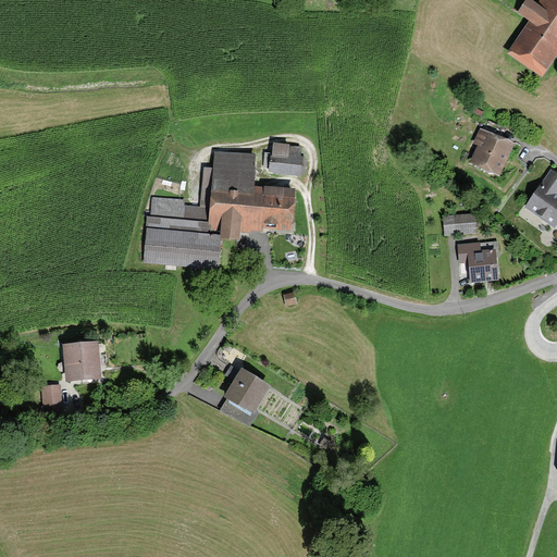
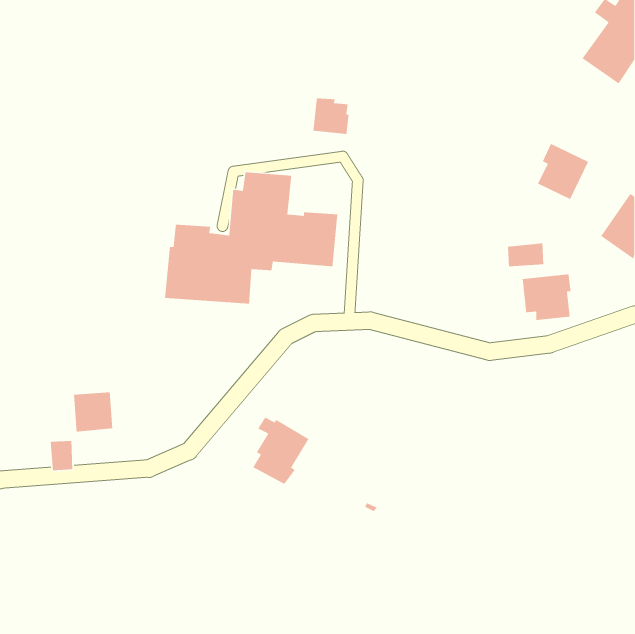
building: [270,141,302,174] -> [312,98,350,135]

